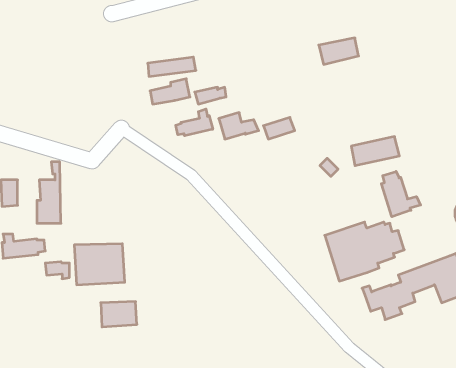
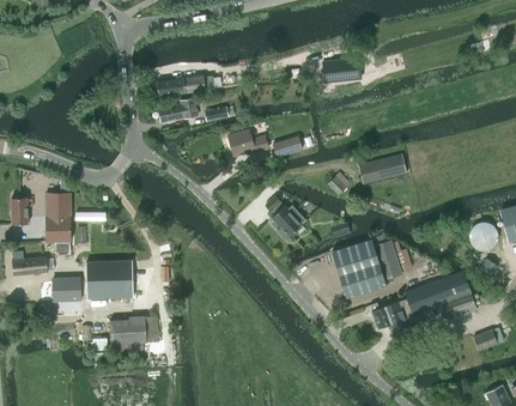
building: [176,109,213,136] -> none
building: [381,171,421,217] -> none
building: none -> [266,196,302,238]

